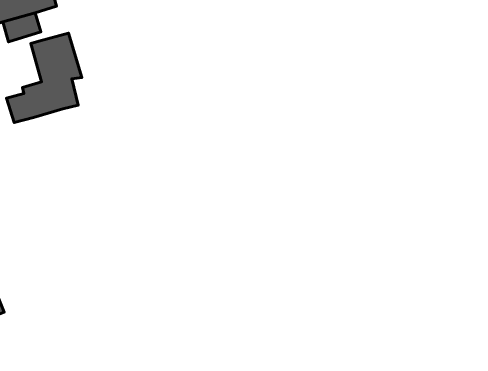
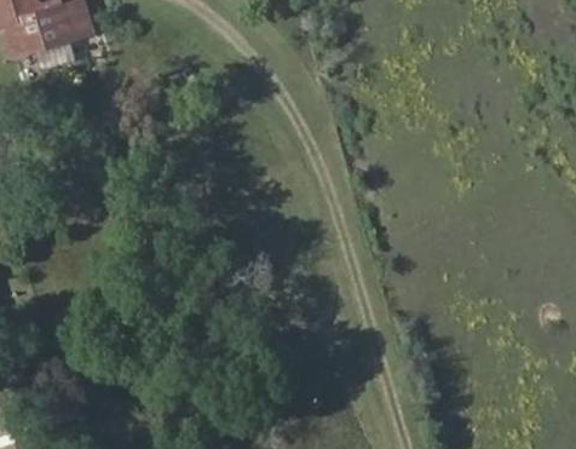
building: [7,33,82,123] -> none

